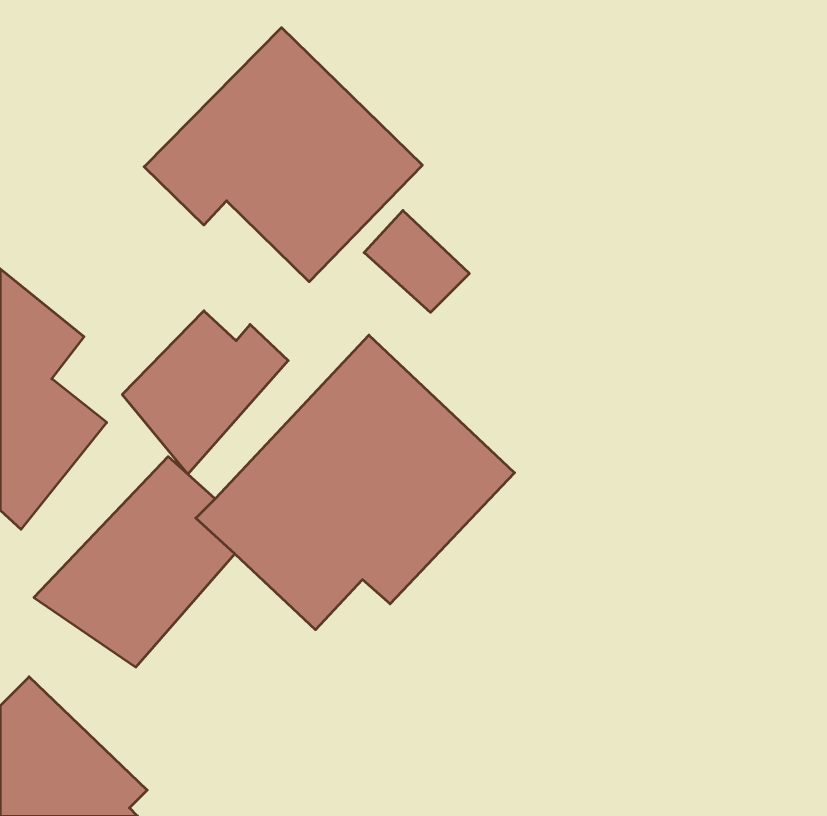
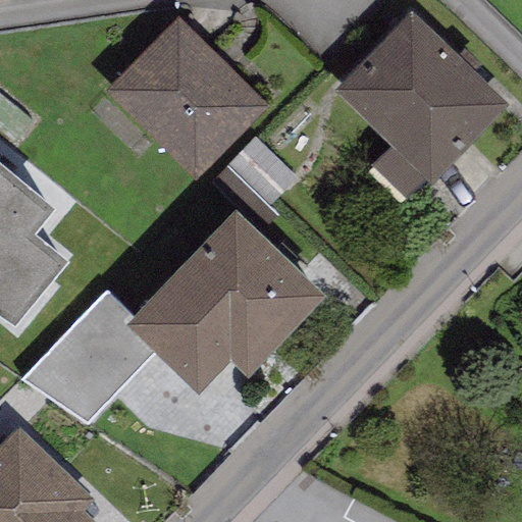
building: none -> [333,12,507,196]
building: [122,311,288,474] -> none

